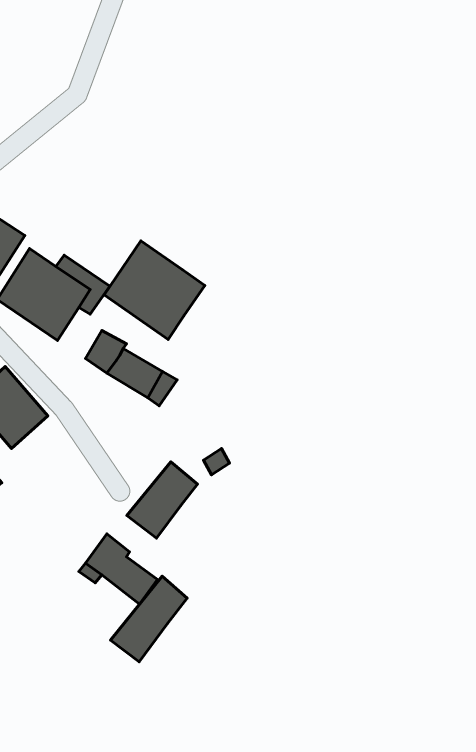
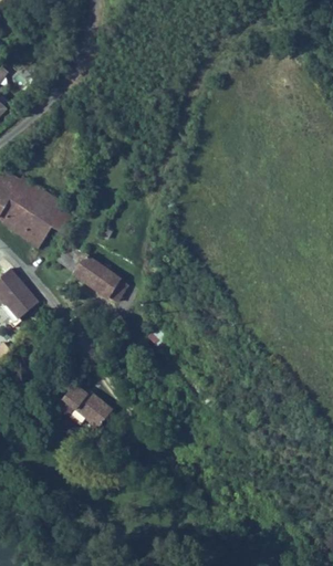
building: [104,241,205,339] -> none
building: [127,462,197,538] -> none
building: [110,576,187,662] -> none

